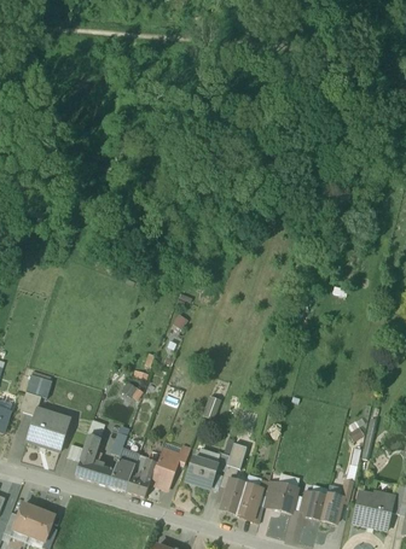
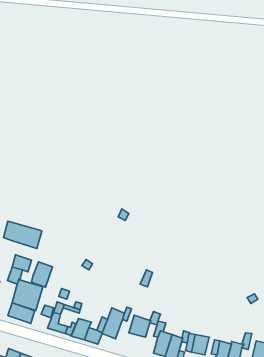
building: none -> [4,221,42,249]
building: none -> [32,262,52,287]
building: none -> [8,303,35,323]

